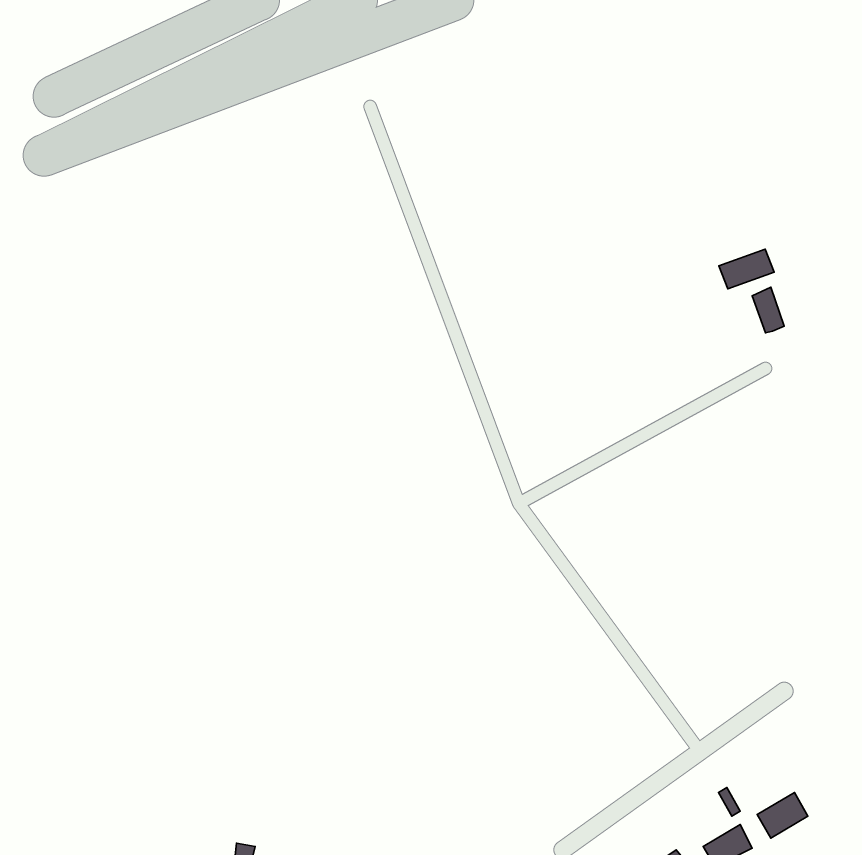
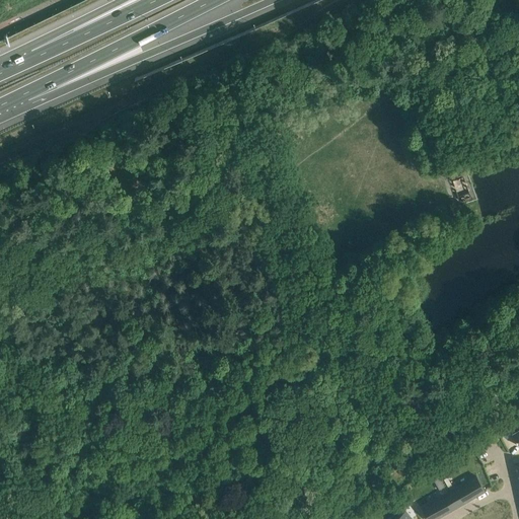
building: [719,249,774,289] -> none

